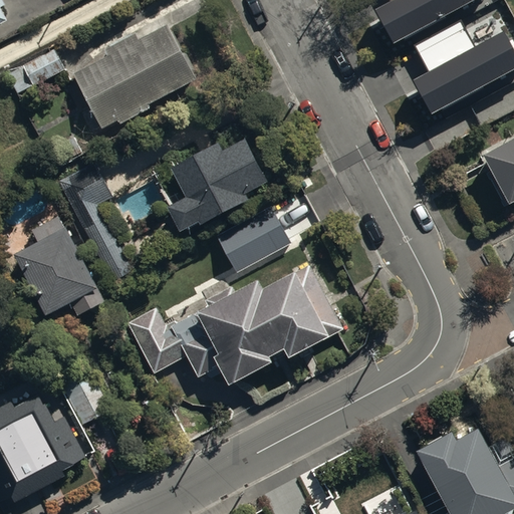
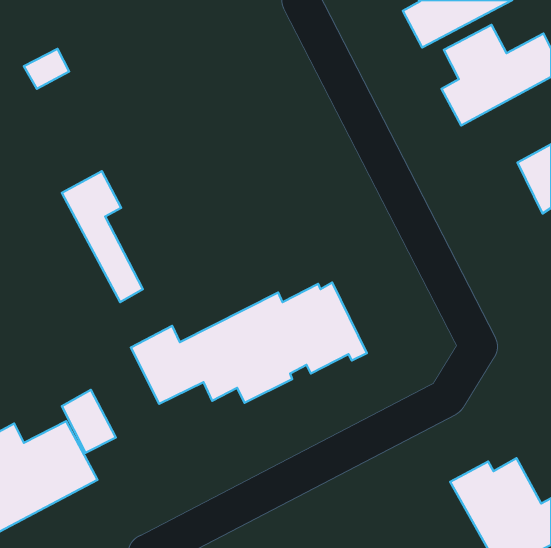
building: [73,25,198,128] -> none
building: [166,133,270,229] -> none
building: [216,212,290,277] -> none
building: [15,218,105,312] -> none

